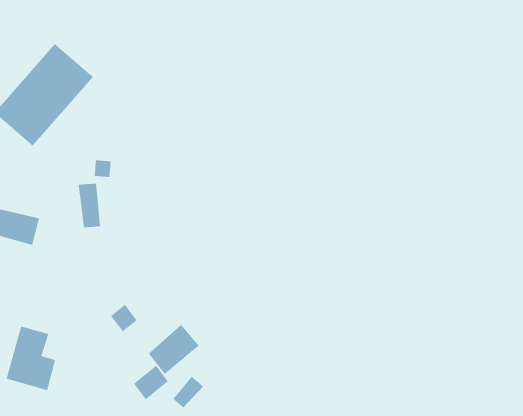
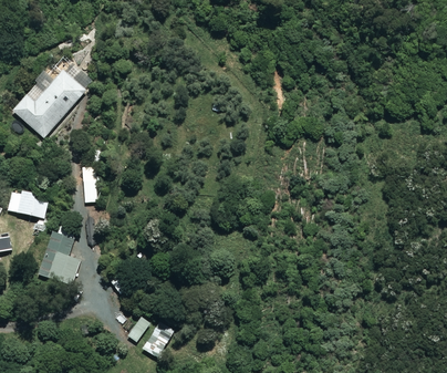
building: [148,324,200,375] -> none
building: [6,326,56,391] -> [38,231,79,284]

